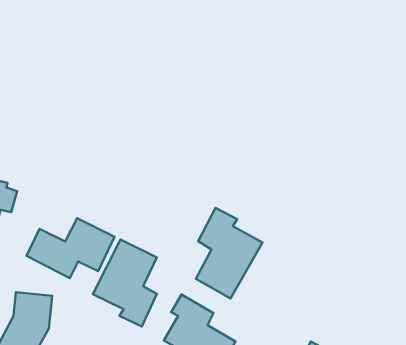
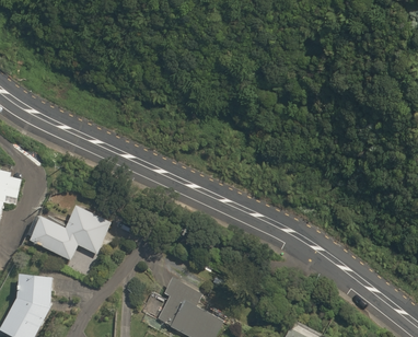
building: [196,208,262,298] -> none
building: [93,240,157,326] -> none

